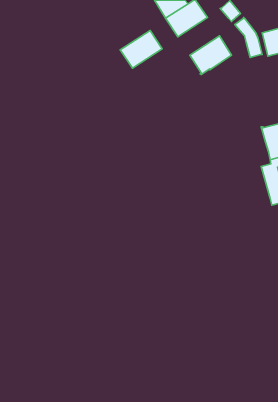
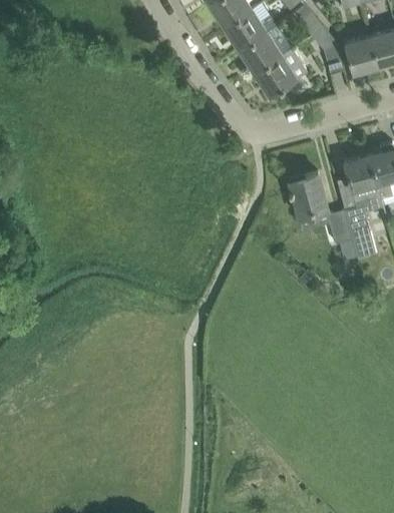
building: [120,30,162,68] -> [240,26,292,73]
building: none -> [289,173,328,218]
building: none -> [328,211,355,253]

